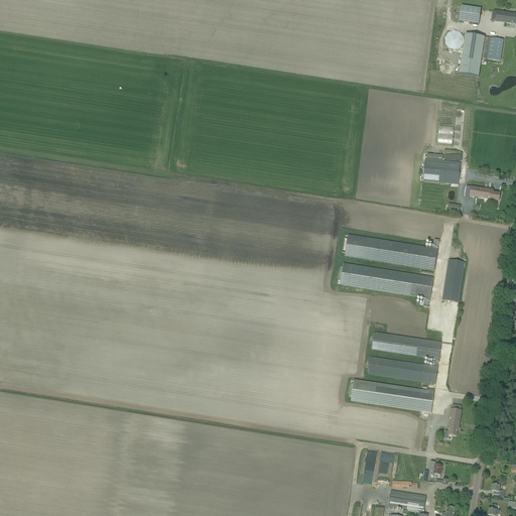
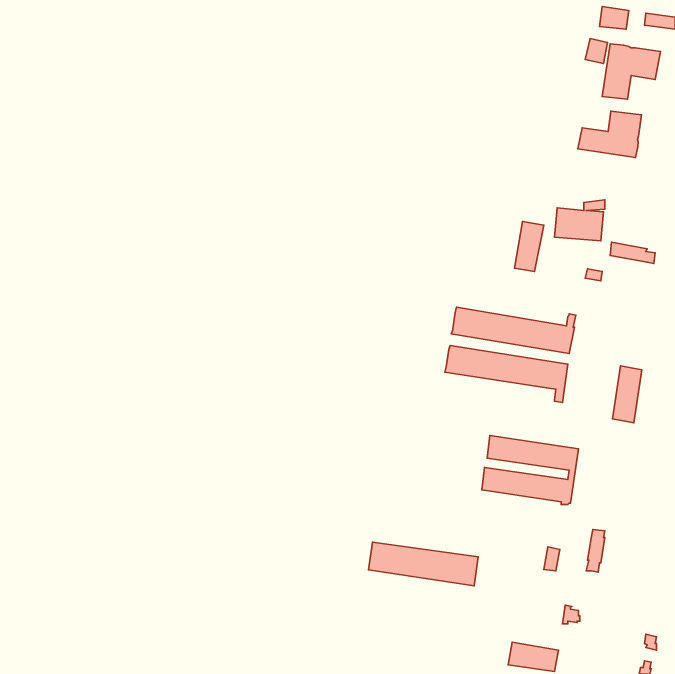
building: none -> [578,111,642,158]
building: none -> [515,222,544,271]
building: [441,259,464,302] -> [613,366,642,423]
building: [350,379,433,412] -> [368,542,478,586]

